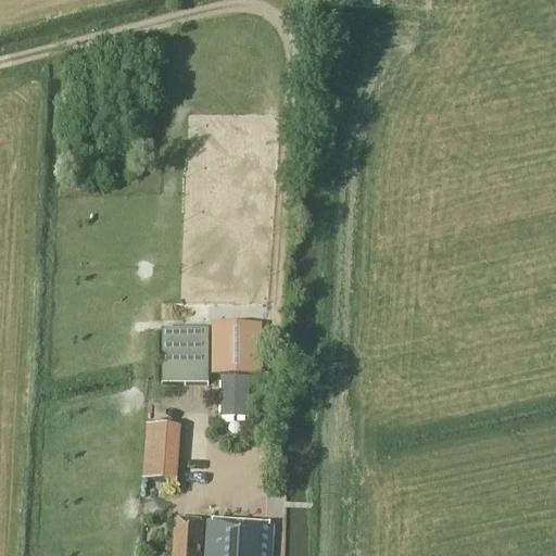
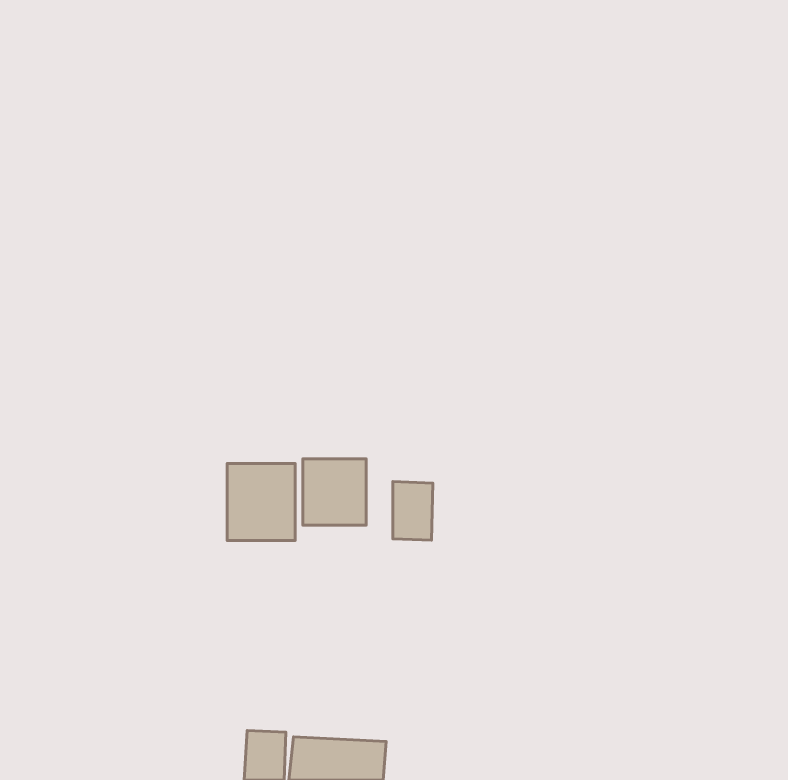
building: [220,374,249,415] -> [393,482,433,540]
building: [142,421,180,479] -> none

